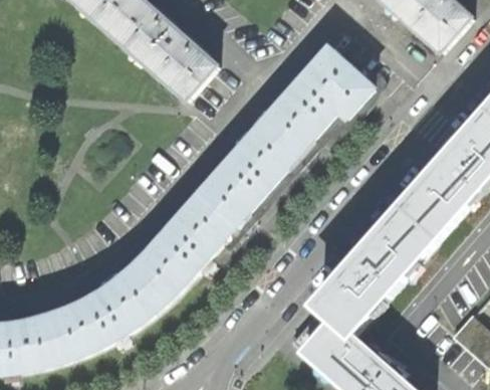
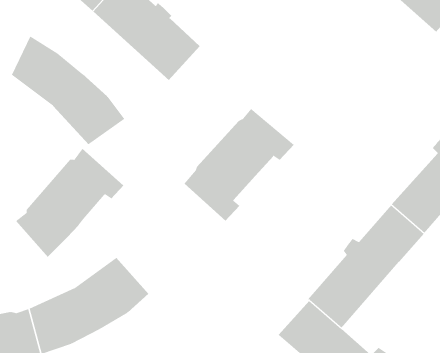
building: [262,48,372,158] -> none
building: none -> [11,35,125,145]
building: [134,195,238,301] -> [15,148,124,258]

